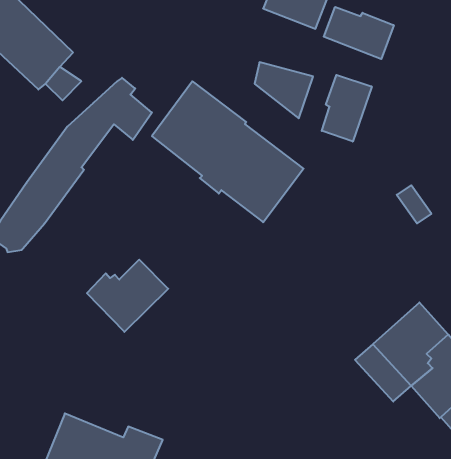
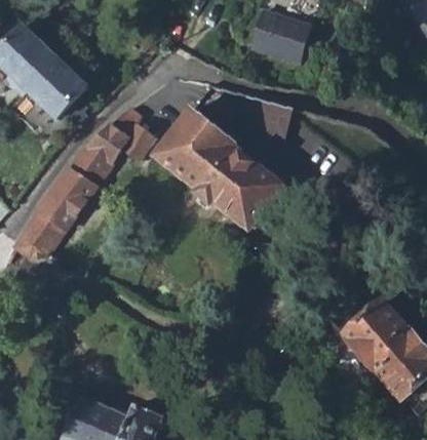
building: [324,7,394,59] -> none
building: [322,75,372,142] -> none
building: [87,260,168,332] -> none

